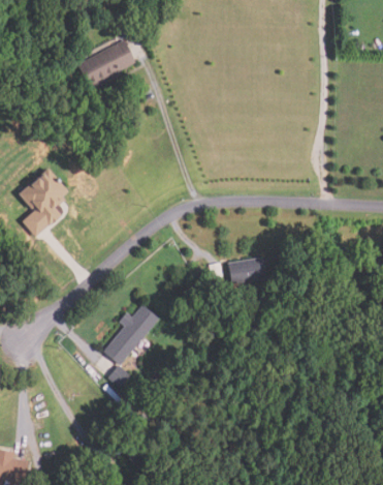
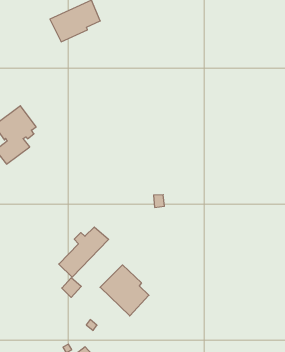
building: [228,256,266,283] -> none
building: none -> [100,265,149,316]

